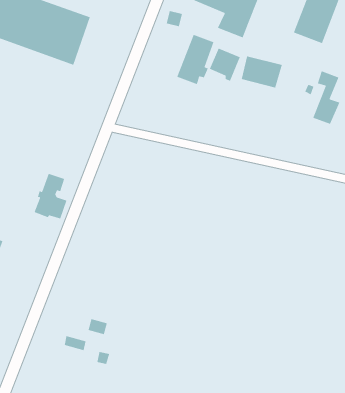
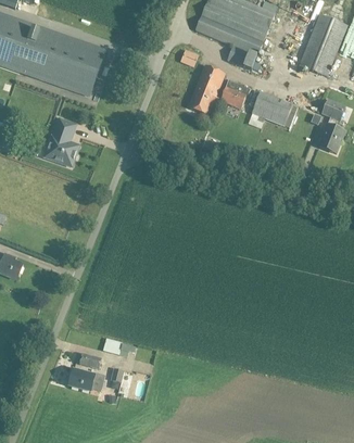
building: [34,173,68,219] -> [45,119,77,164]
building: none -> [68,369,104,391]

